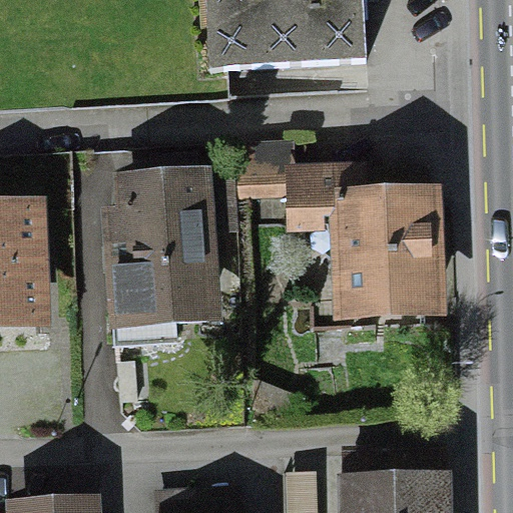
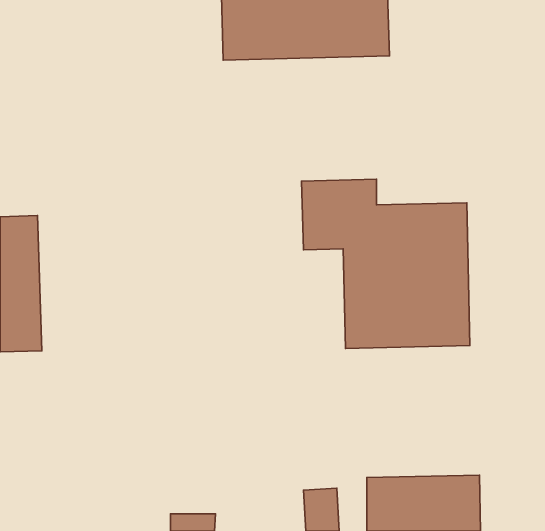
building: [106,170,217,333] -> none

